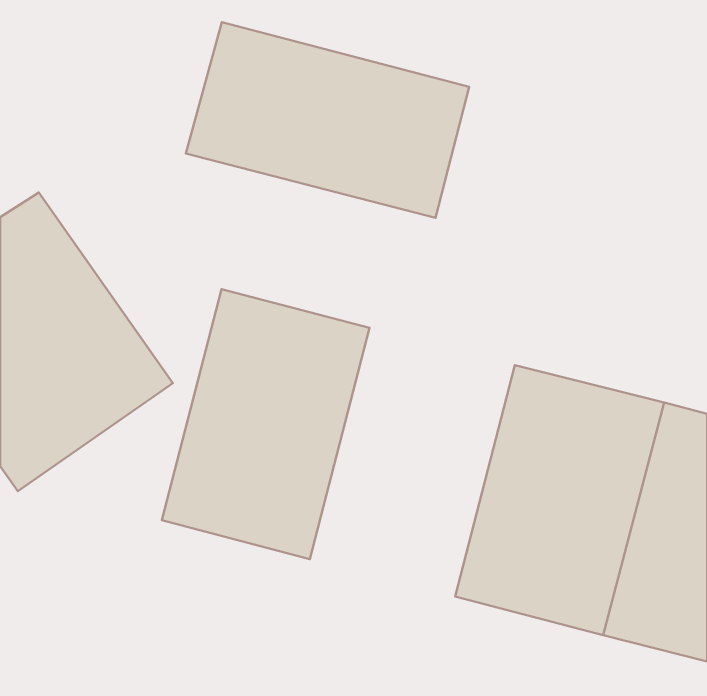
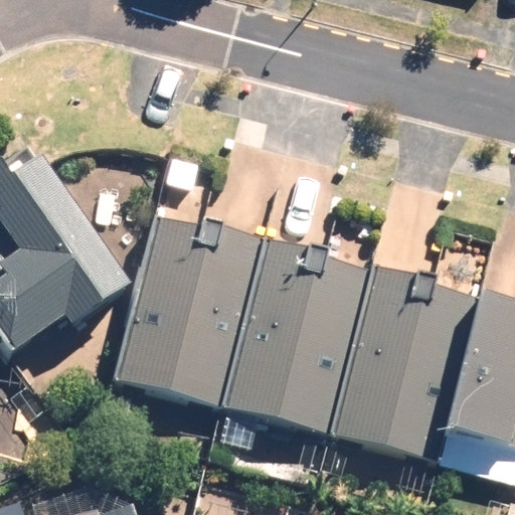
building: [186,22,469,218] -> none
building: none -> [225,238,374,434]

